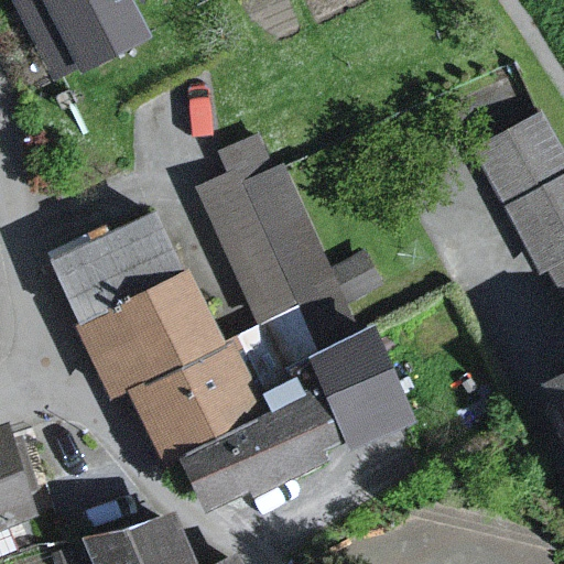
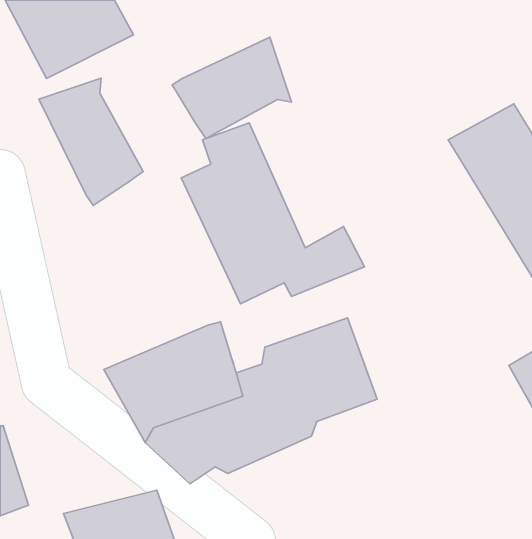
building: none -> [172,37,292,139]
building: none -> [39,78,143,205]
building: [43,213,226,391] -> none

